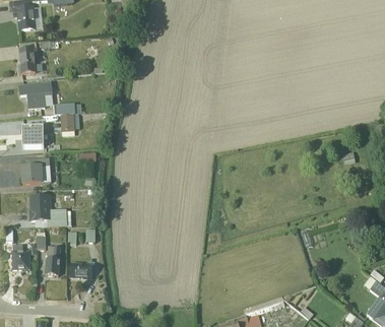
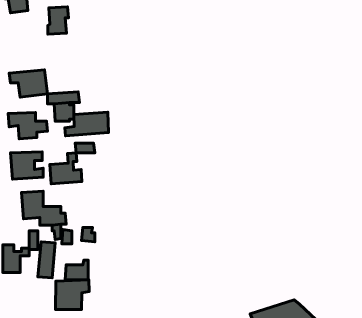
building: [18,49,38,74] -> [48,7,69,34]
building: none -> [65,112,109,136]
building: none -> [50,153,82,184]
building: none -> [56,280,89,310]

